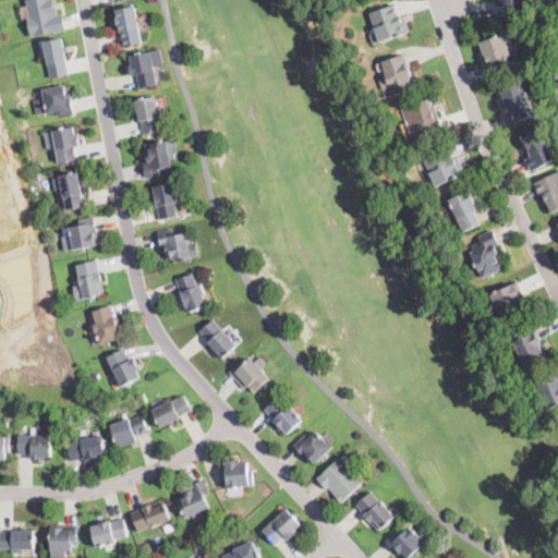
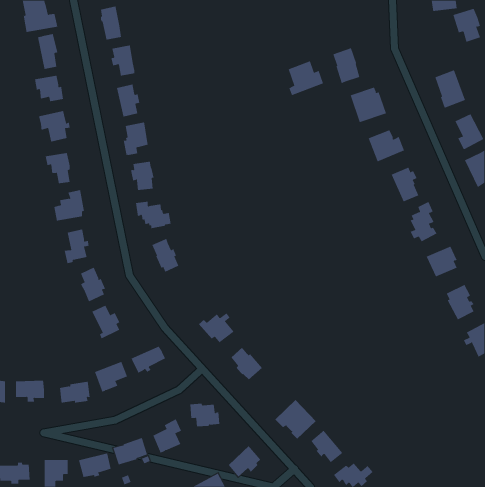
building: [366,4,408,45] -> [288,61,324,96]
building: [477,35,510,74] -> [452,8,481,42]
building: [198,319,235,360] -> none
building: [291,432,332,464] -> none

